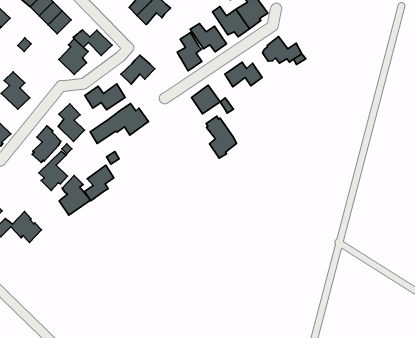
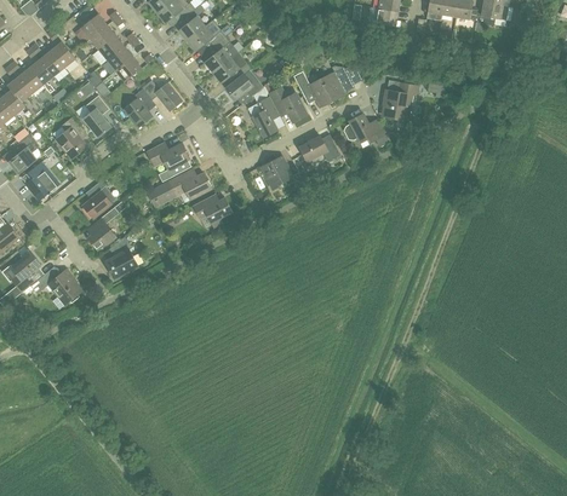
building: none -> [383,81,418,119]
building: [121,55,155,84] -> [225,68,263,98]
building: [58,104,84,142] -> [82,94,110,135]
building: [206,116,236,158] -> none
building: none -> [191,196,231,226]
building: [84,165,114,201] -> none

